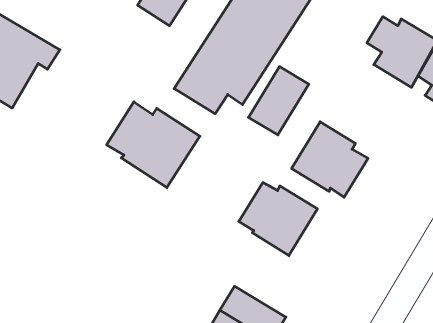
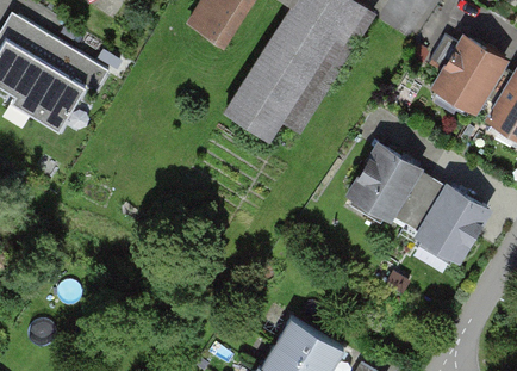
building: [248,67,309,135] -> none
building: [107,102,200,188] -> none
building: [239,183,317,256] -> [405,183,487,259]

